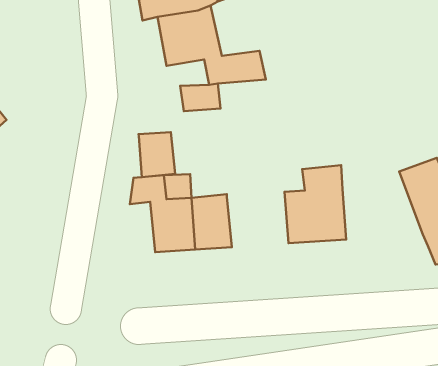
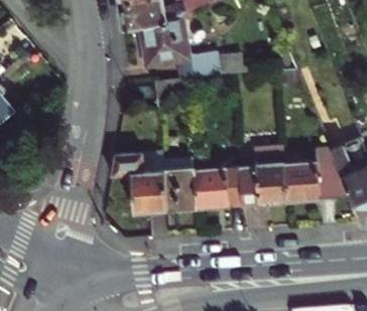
building: [139,132,175,177] -> none
building: none -> [286,147,351,201]
building: none -> [194,163,243,207]

